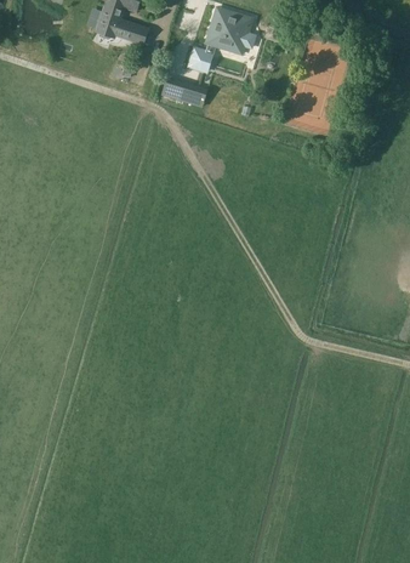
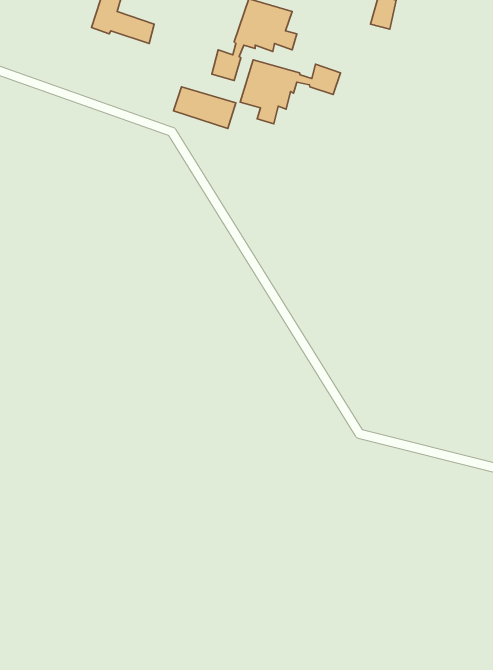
building: none -> [240,60,340,124]

